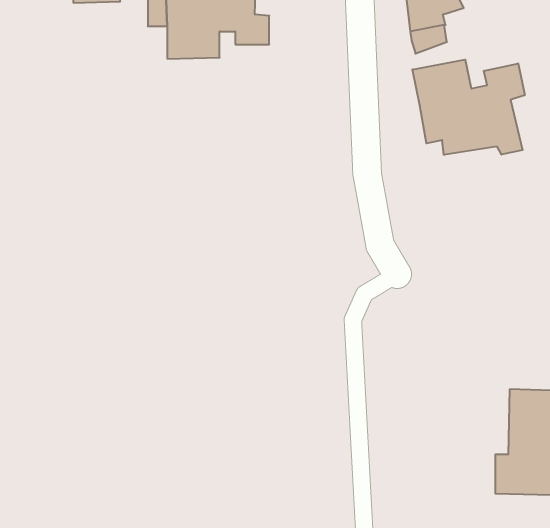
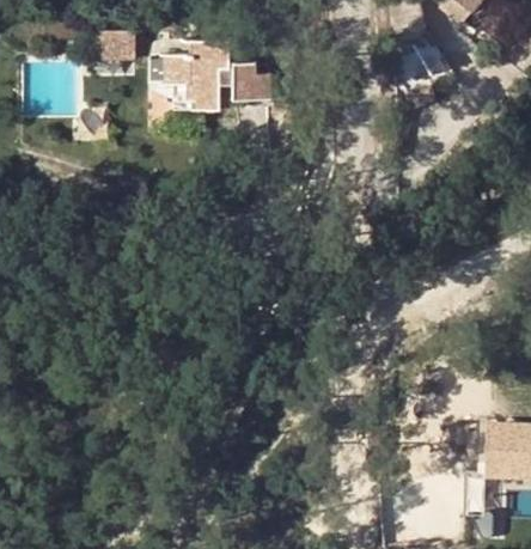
building: [412,60,525,155] -> none

